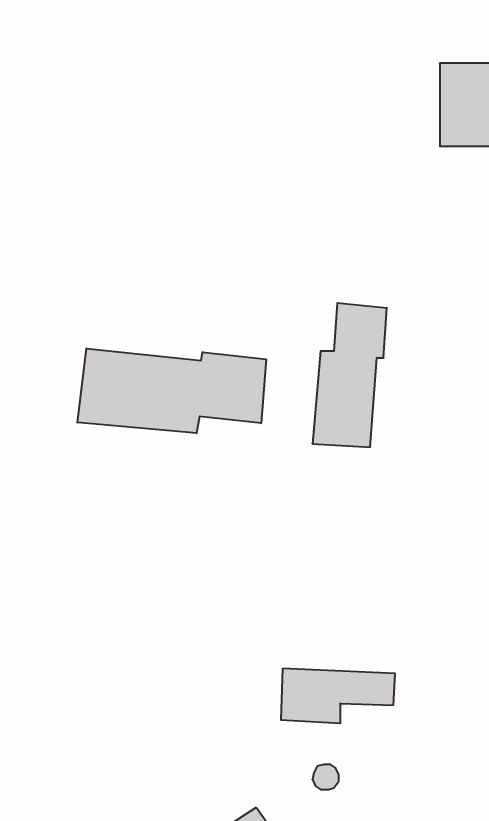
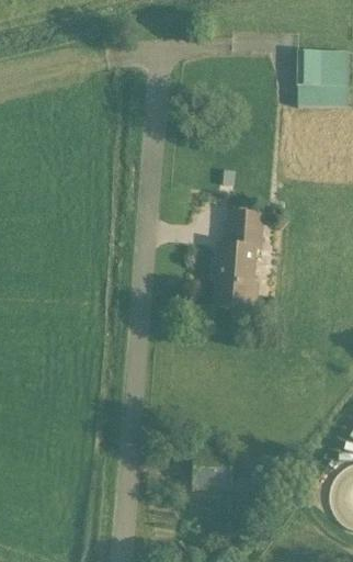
building: [77,348,266,433] -> none

